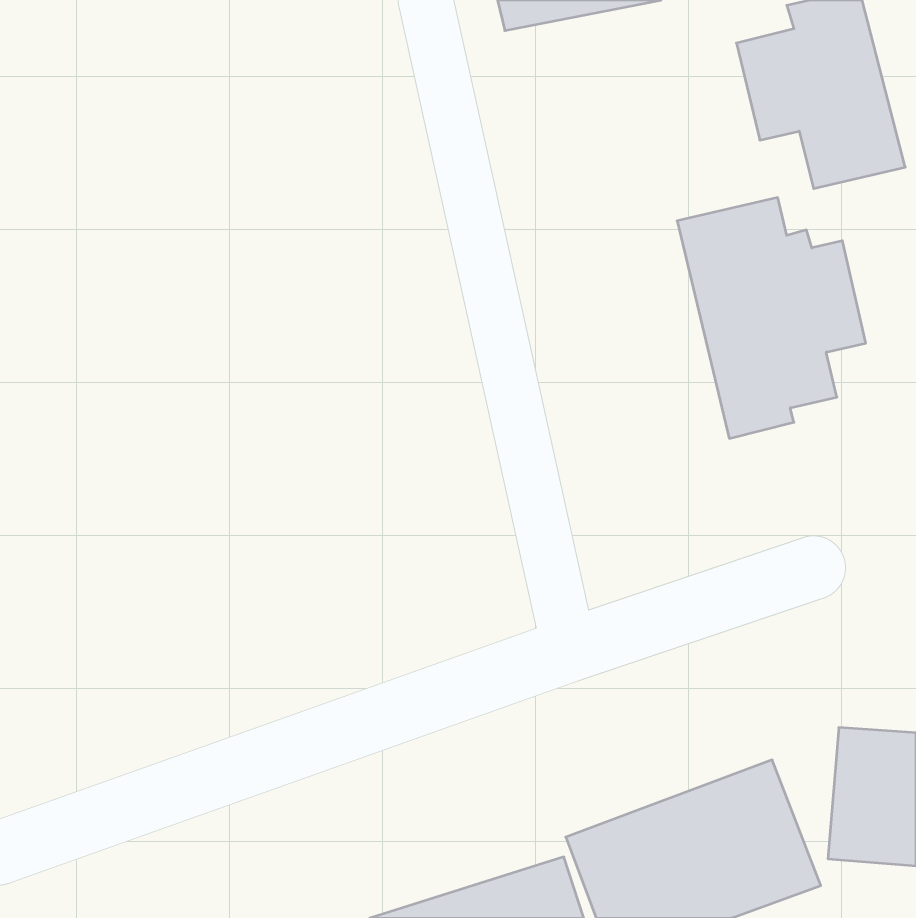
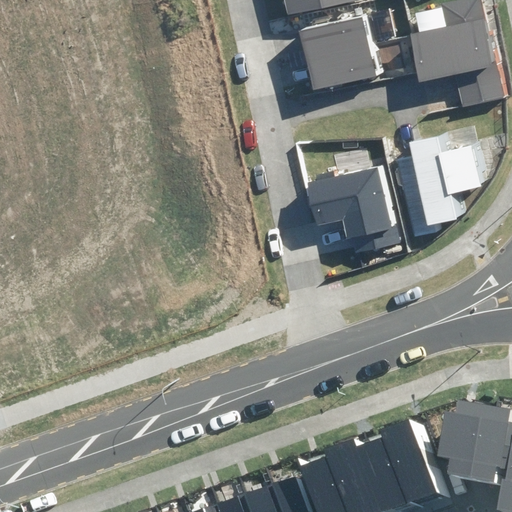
building: none -> [290,11,399,93]
building: none -> [306,167,397,253]

